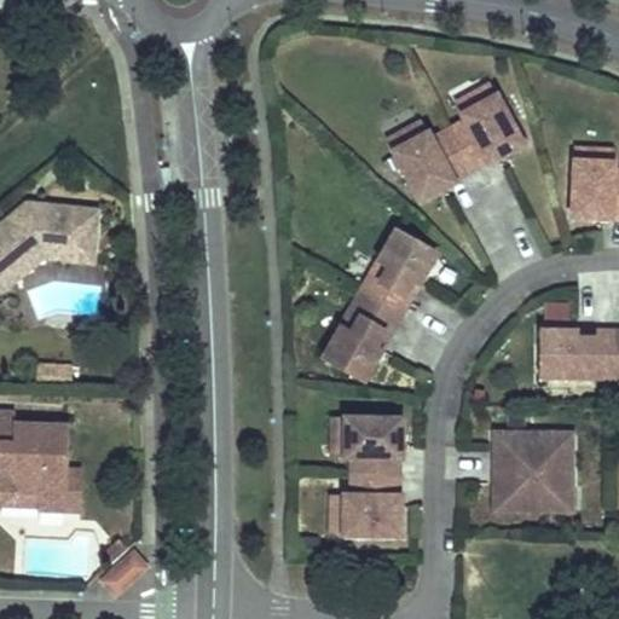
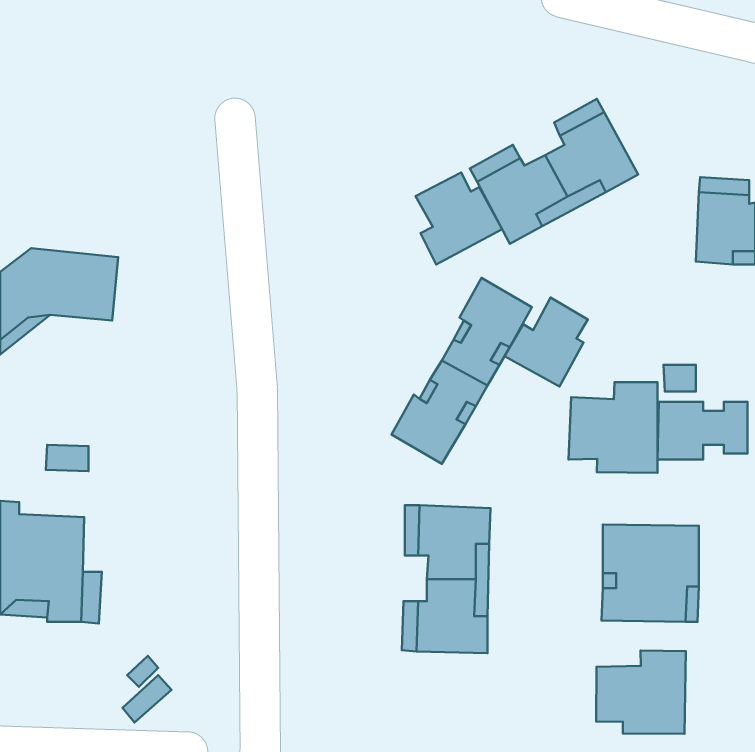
building: none -> [416,173,502,264]
building: none -> [505,298,588,387]
building: none -> [569,382,657,473]
building: none -> [596,651,686,734]

